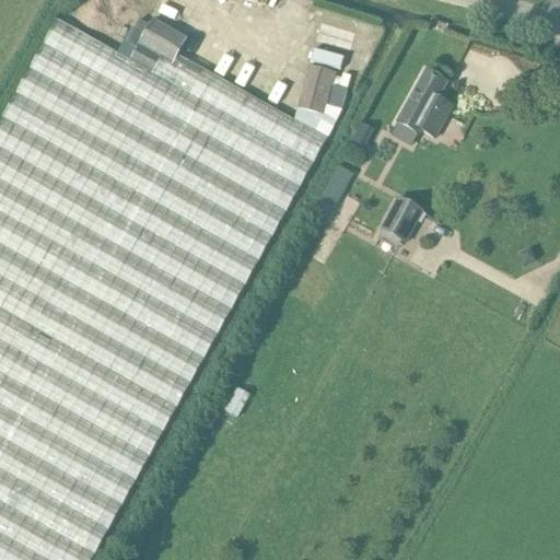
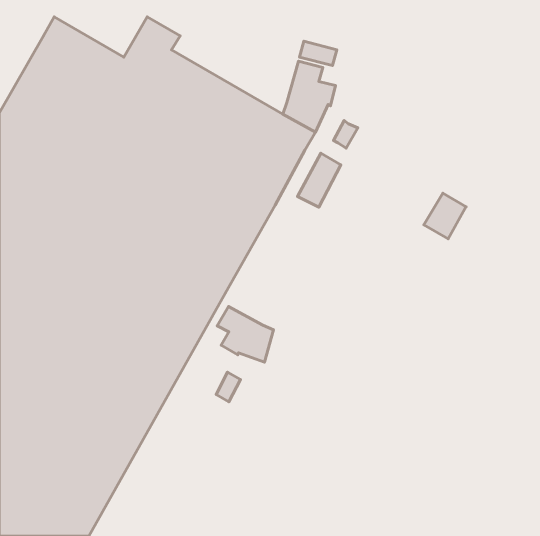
building: [396,68,451,139] -> none
building: [378,196,422,243] -> [424,193,466,239]
building: none -> [217,306,273,362]

